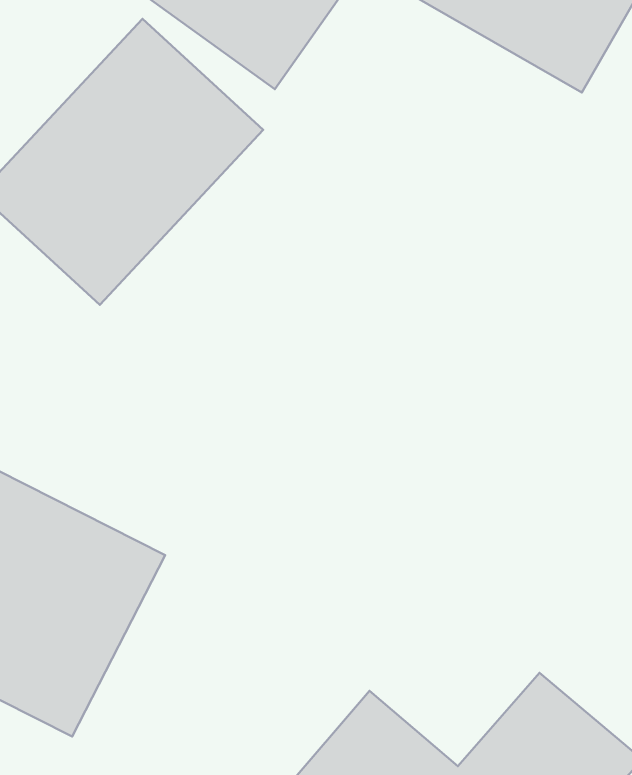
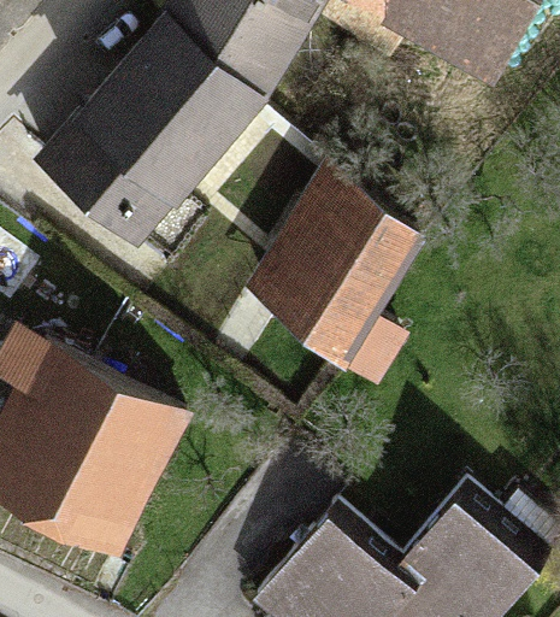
building: none -> [247,175,415,378]

